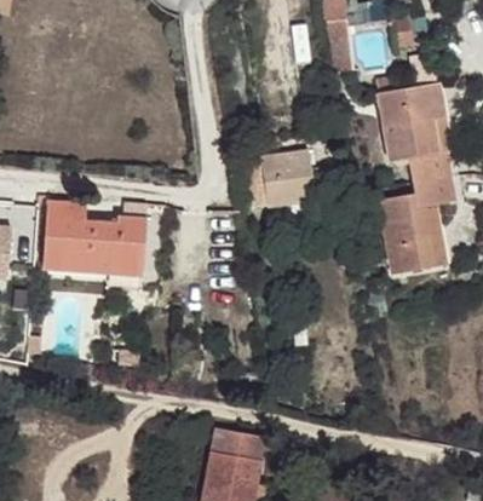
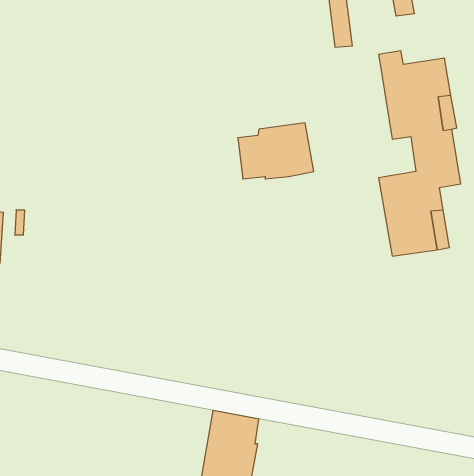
building: [36,200,145,273] -> none

